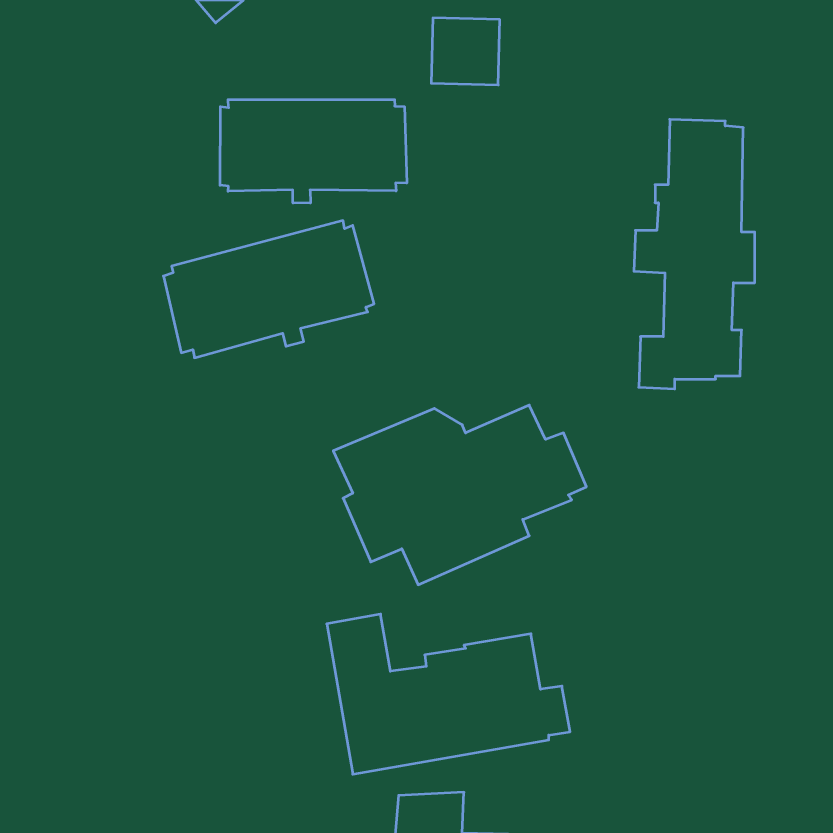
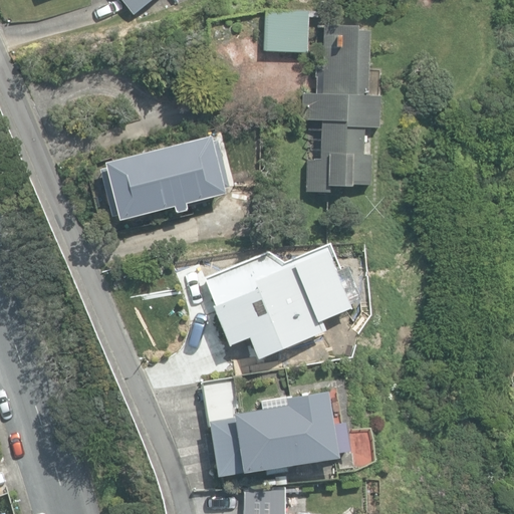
building: [220,100,407,203] -> none
building: [634,119,755,389] -> [303,27,377,193]

